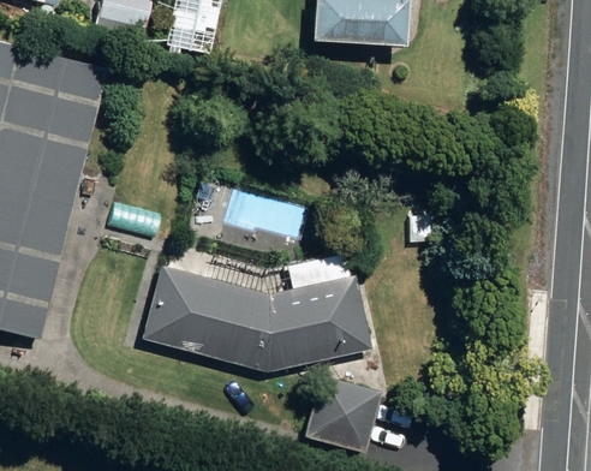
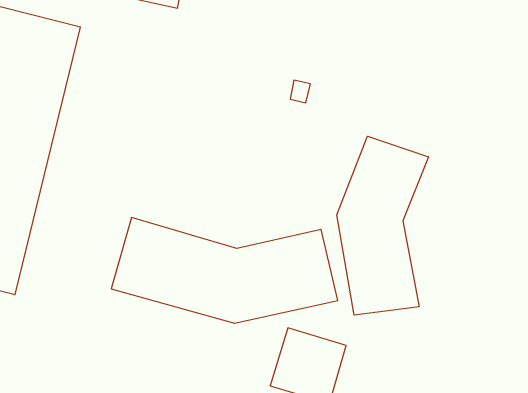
building: none -> [337,136,429,315]

